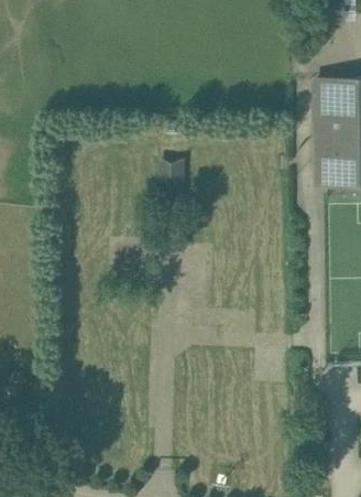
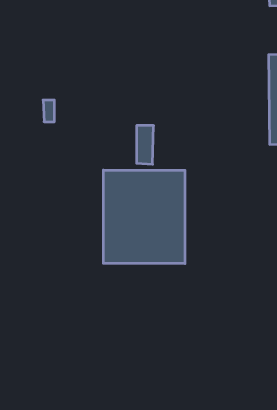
building: none -> [103,170,185,264]

